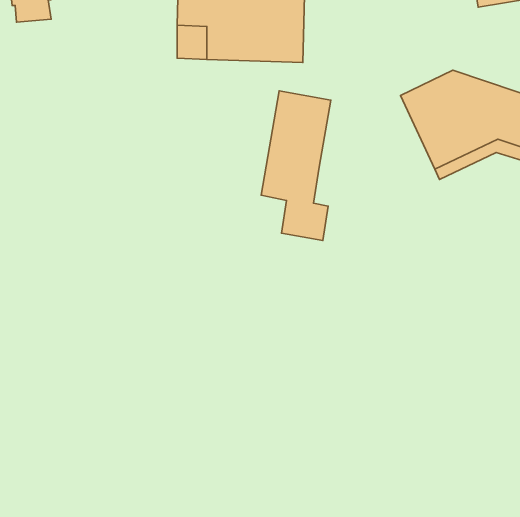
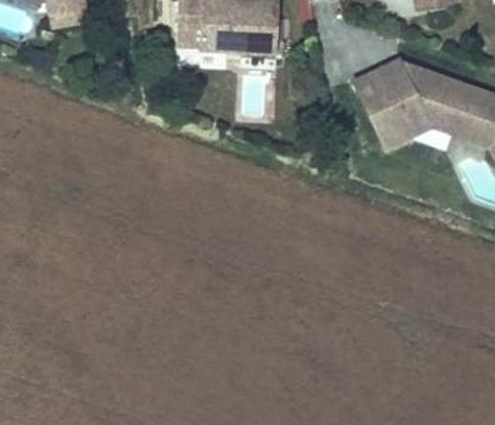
building: [261,91,331,241] -> none

